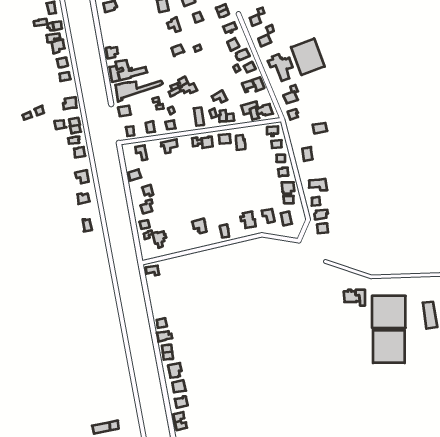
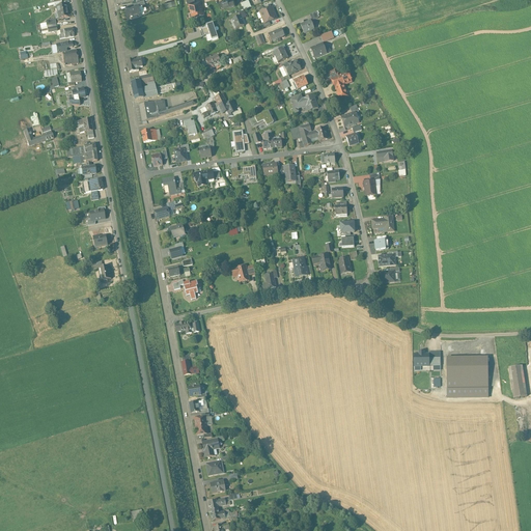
building: [291,38,325,75] -> none
building: [373,330,405,363] -> none

